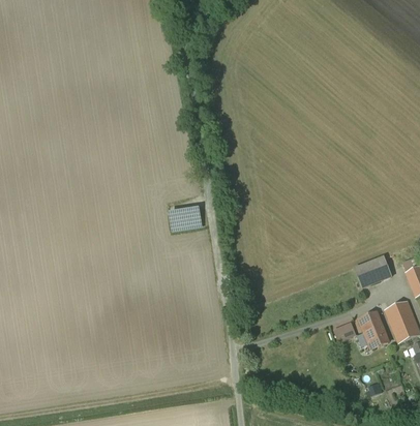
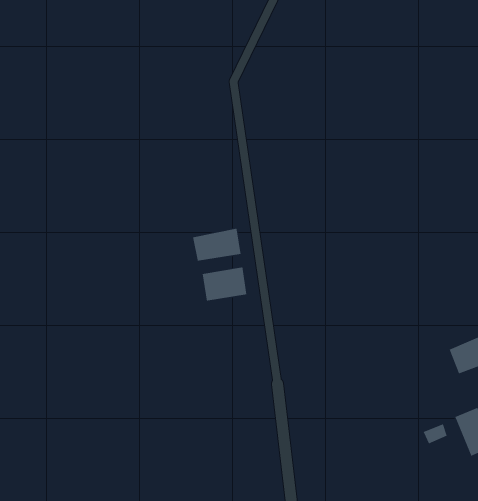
building: none -> [193,228,241,261]

